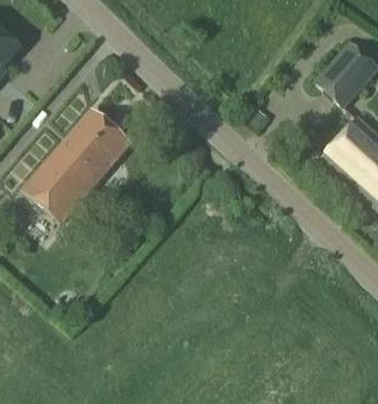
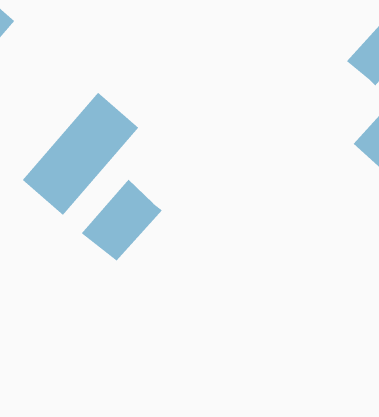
building: none -> [81,179,163,262]

